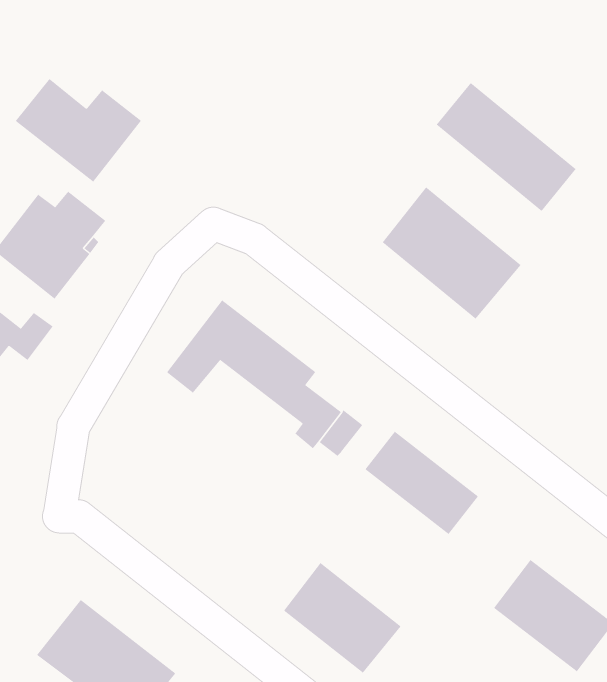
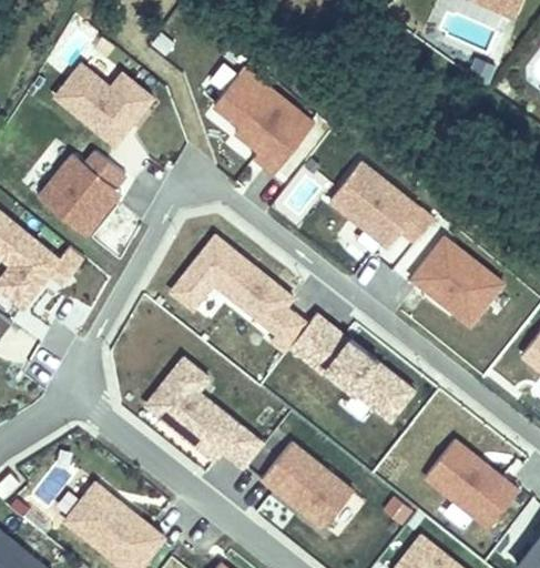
building: none -> [211,68,312,174]
building: [436,82,576,212] -> none
building: none -> [414,233,505,321]
building: none -> [306,314,347,369]
building: none -> [145,359,263,469]

